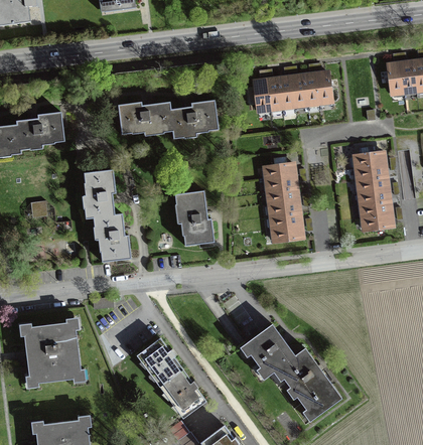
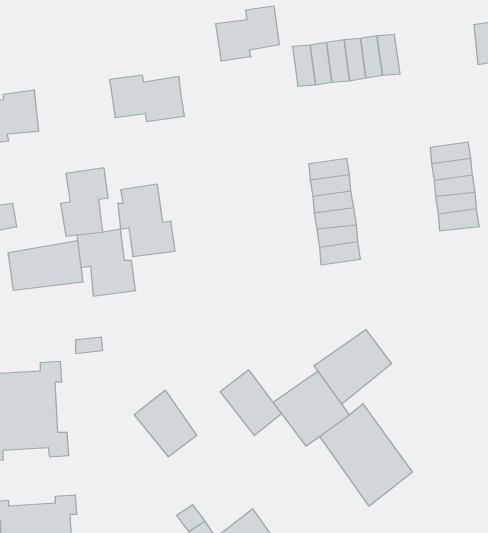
building: [169,101,217,141] -> [215,6,280,61]
building: [173,192,216,246] -> [118,184,175,257]
building: [361,214,392,232] -> none
building: none -> [8,240,83,290]
building: none -> [314,329,391,404]
building: [160,368,205,417] -> [220,370,282,435]

